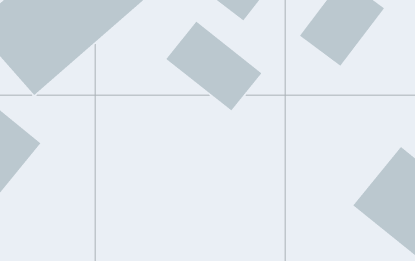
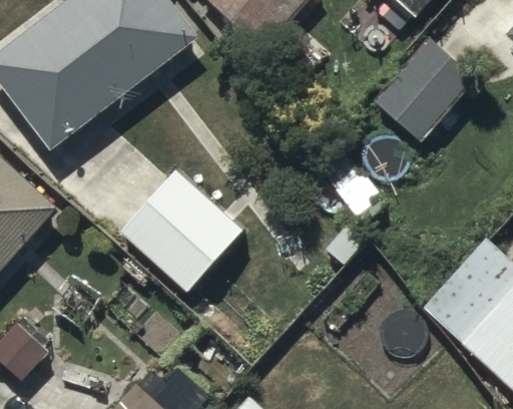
building: [165,21,263,112] -> none
building: none -> [123,160,245,281]

